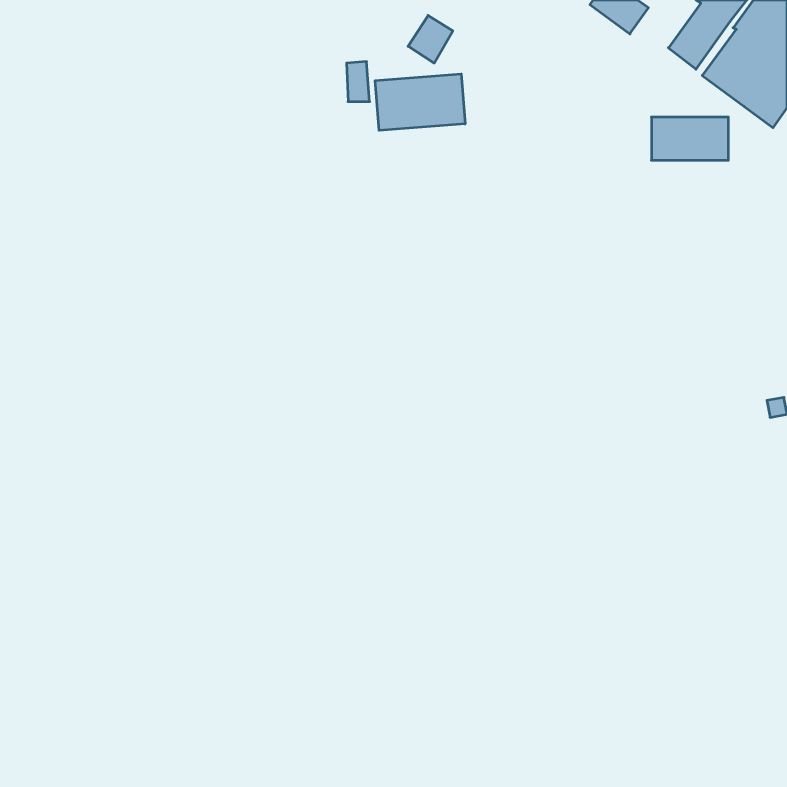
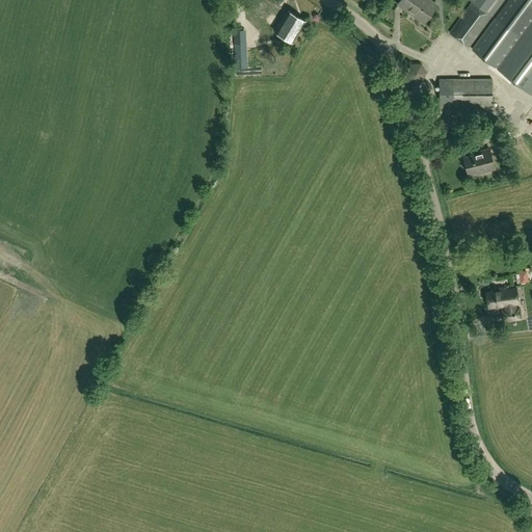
building: [375,74,465,130] -> none
building: none -> [464,149,495,174]
building: none -> [487,288,522,321]

